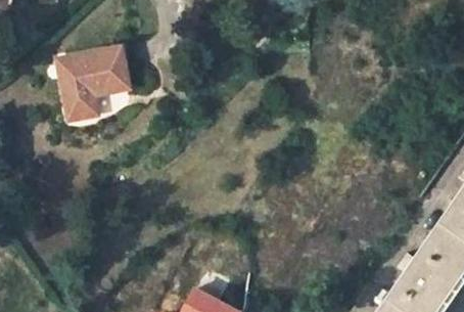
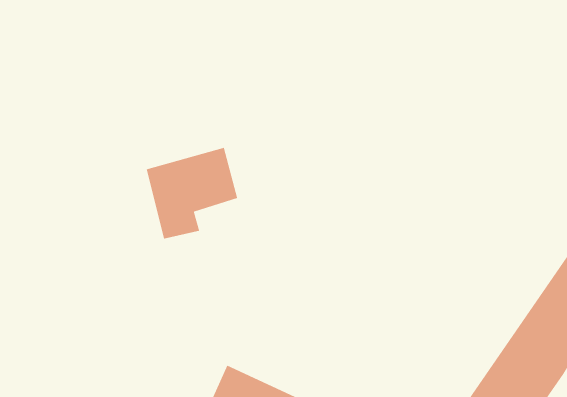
building: [55,45,125,115] -> [146,147,238,239]

